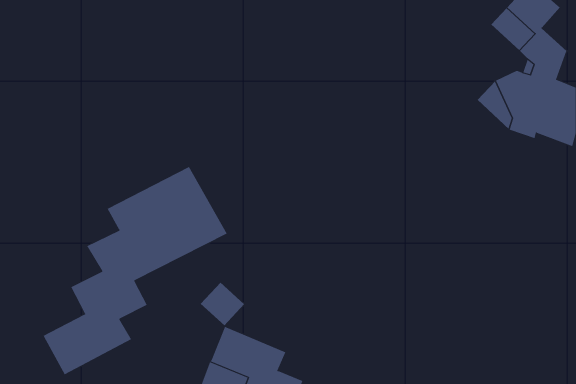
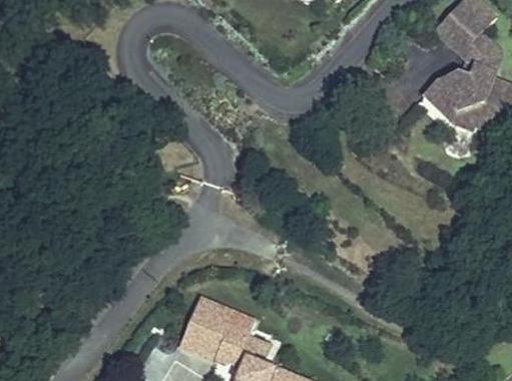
building: [42,166,227,375] -> none
building: [200,282,245,326] -> none

